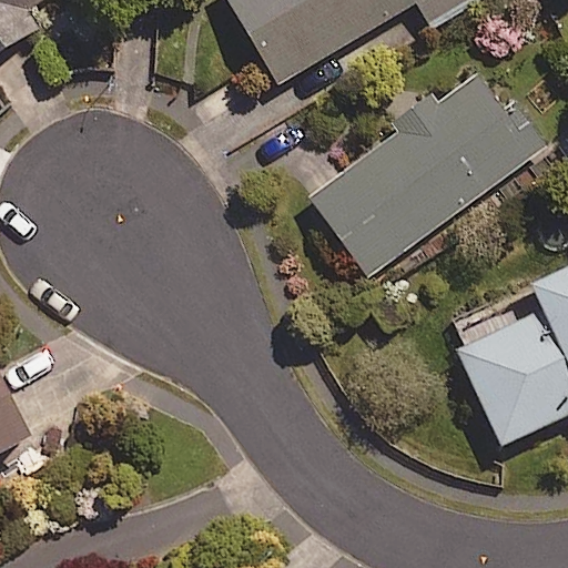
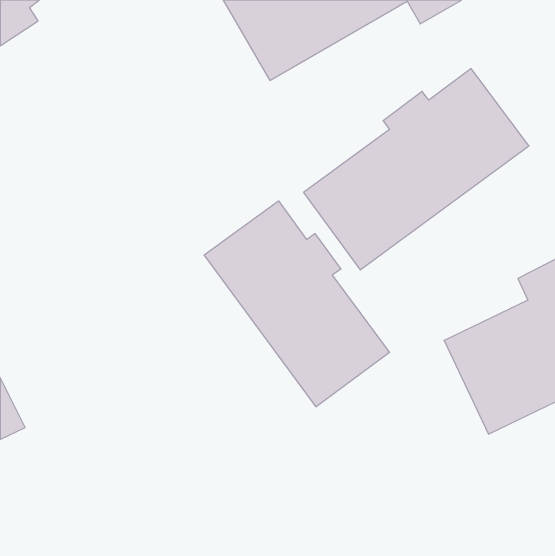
building: none -> [204,201,389,407]

